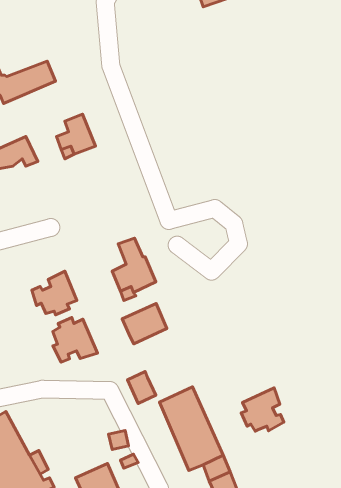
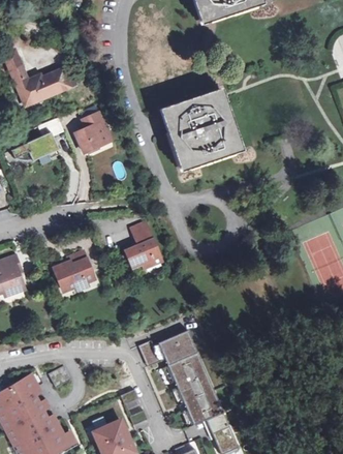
building: none -> [164,93,237,167]
building: [122,304,167,344] -> [155,331,194,366]
building: [53,318,98,362] -> none
building: [241,388,284,431] -> none

